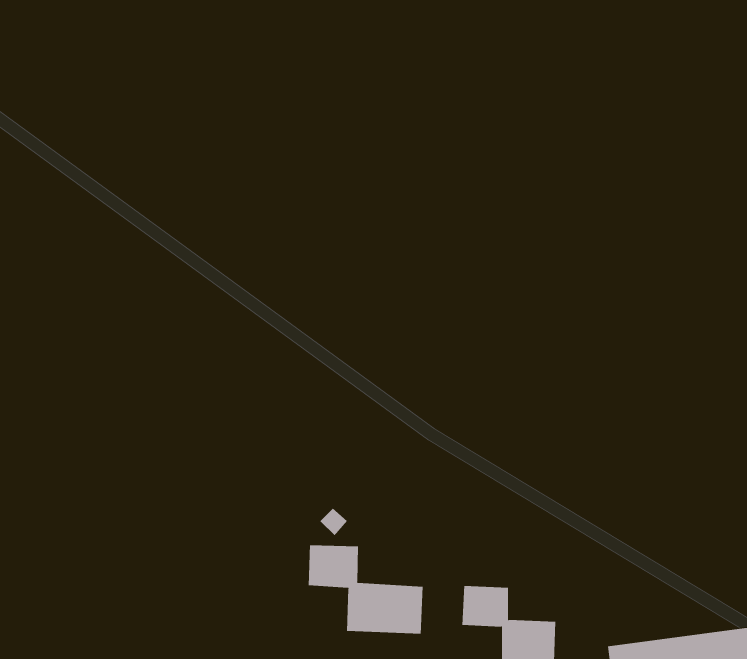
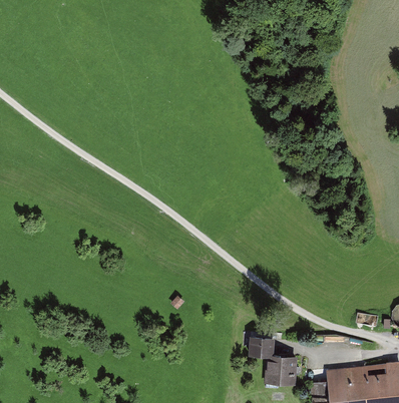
building: [308,544,423,635] -> none

